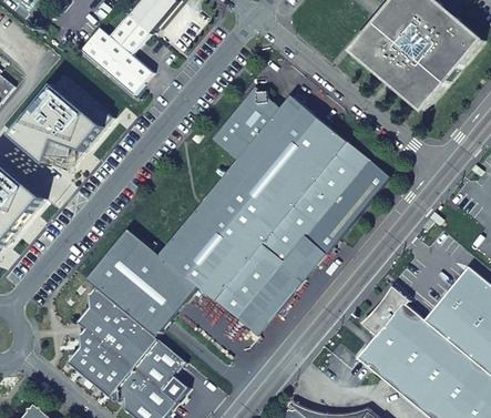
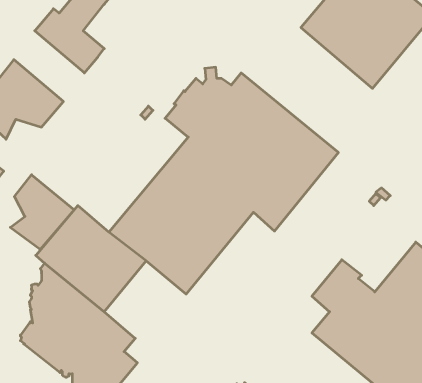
building: none -> [10,175,74,250]
building: [235,236,324,336] -> none

